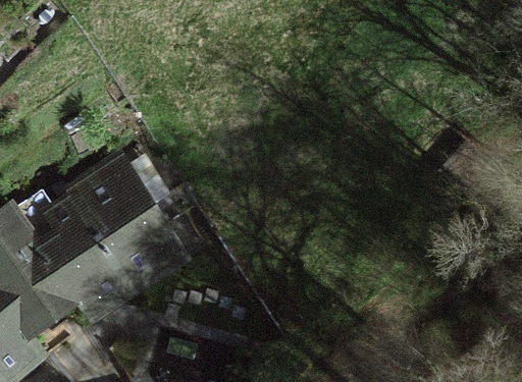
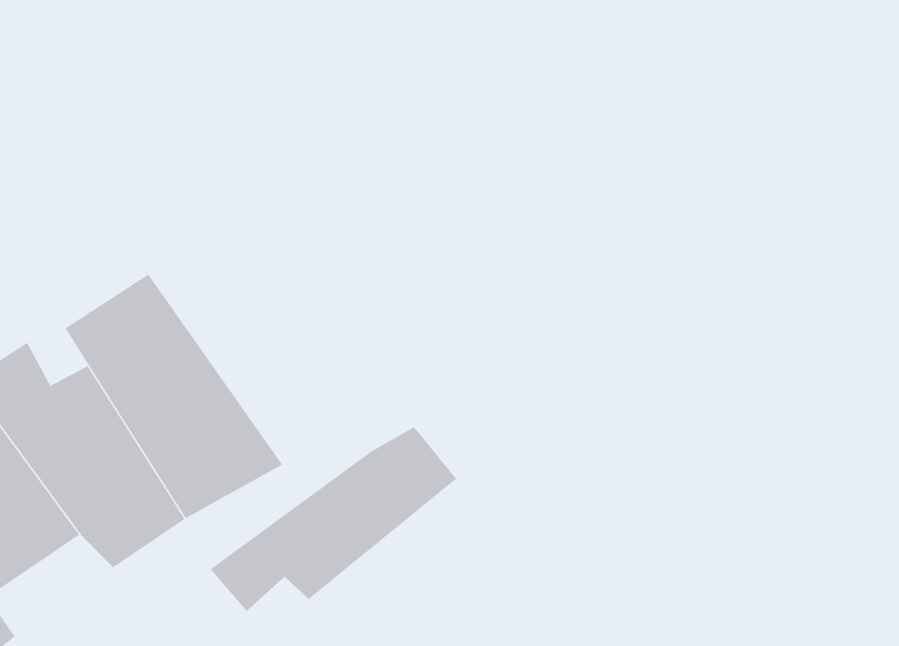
building: none -> [210,426,457,612]

